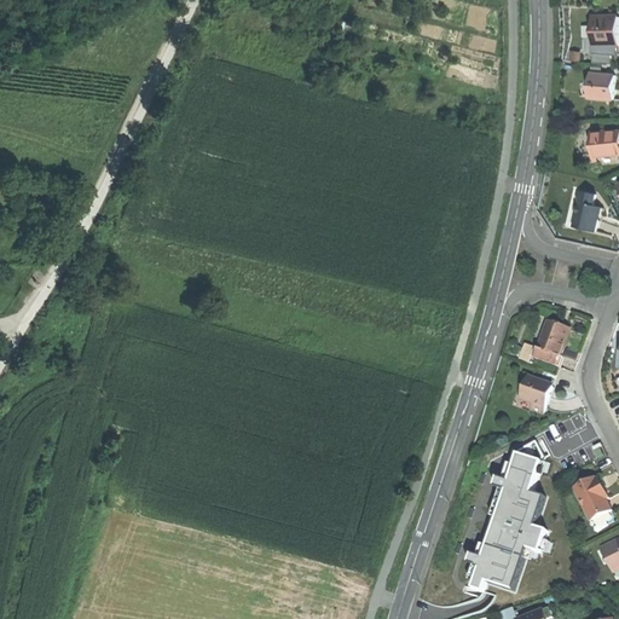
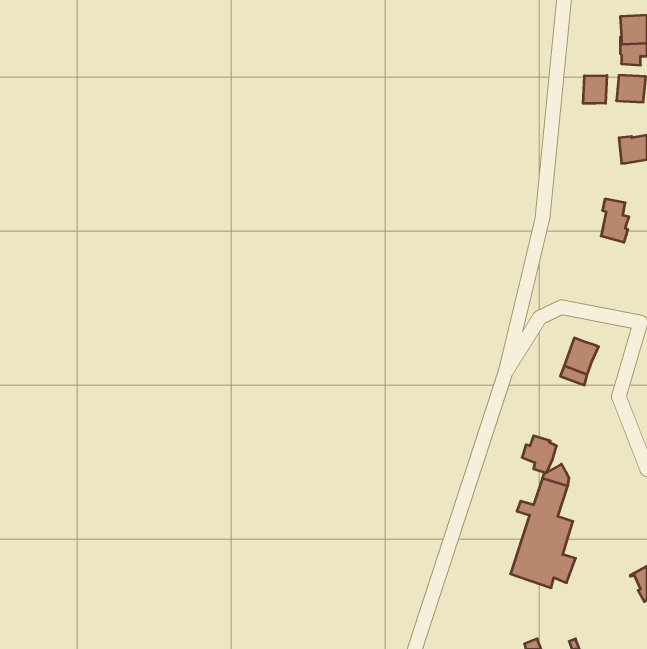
building: none -> [583,75,607,103]
building: [516,376,549,411] -> [522,436,557,473]
building: [569,475,608,520] -> none
building: [465,544,522,591] -> none

